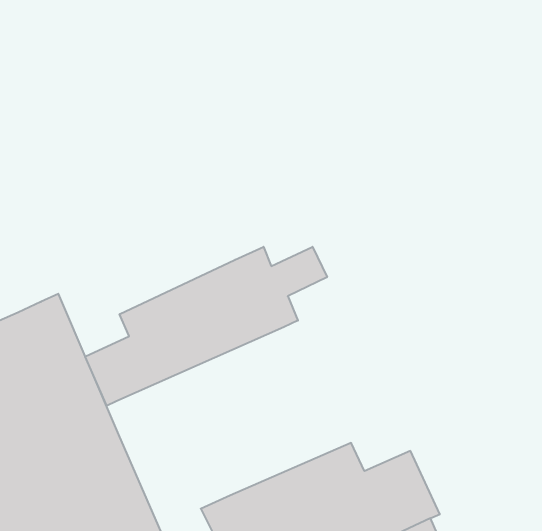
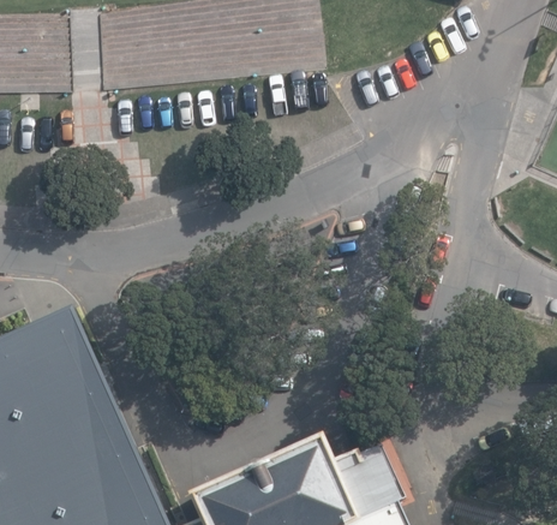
building: [85,247,327,406] -> none

